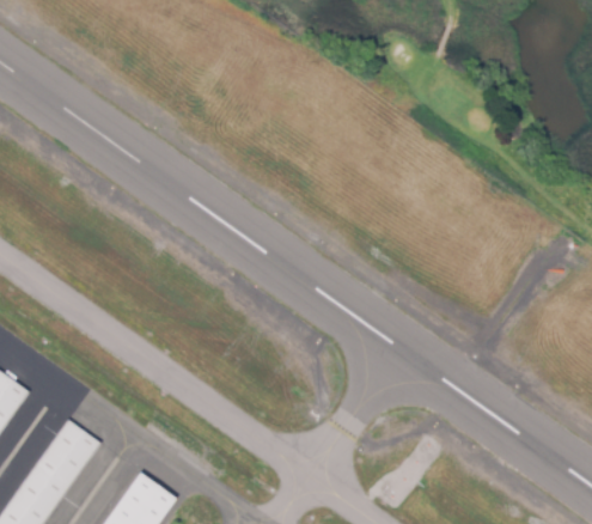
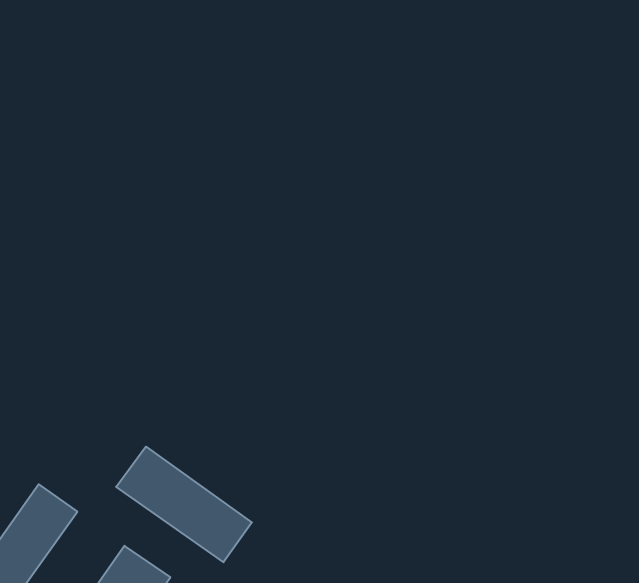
building: none -> [116,447,252,562]

